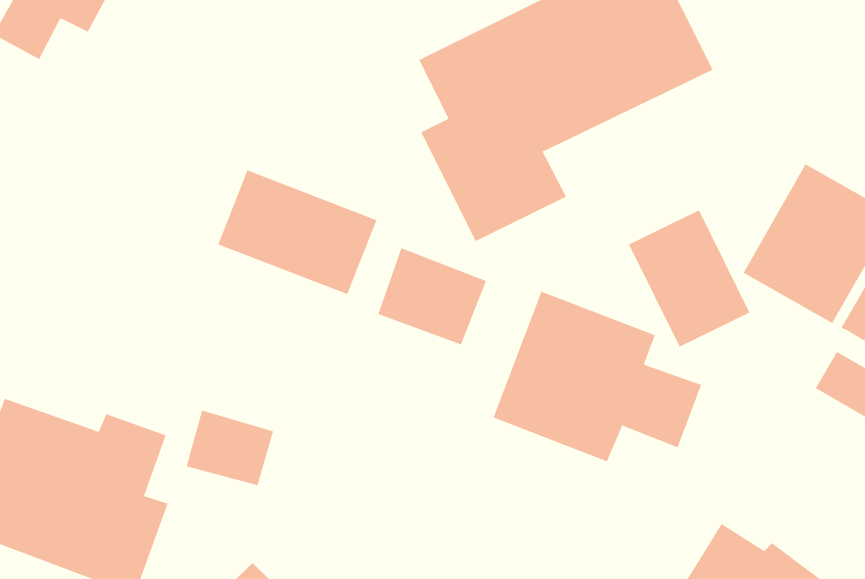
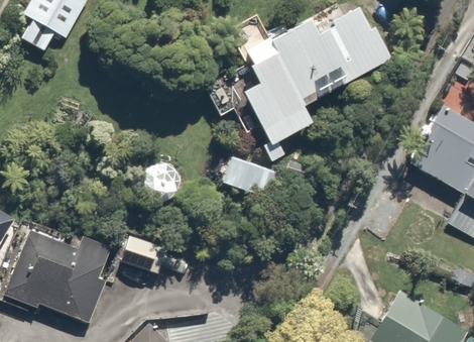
building: [218,170,377,295] -> none
building: [628,209,750,348] -> none
building: [493,291,702,462] -> none

